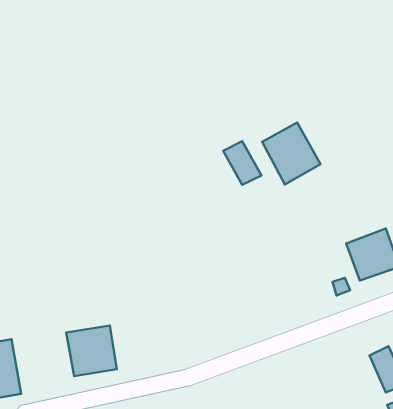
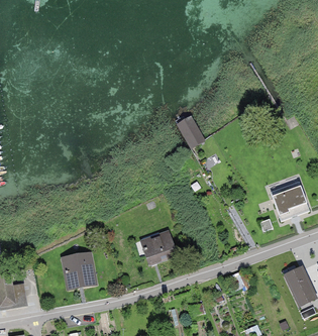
building: [262,123,321,184] -> none
building: none -> [137,231,177,266]

